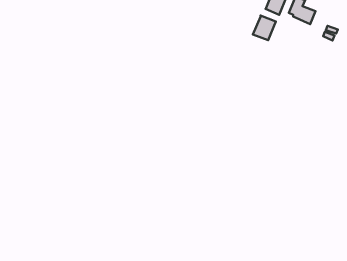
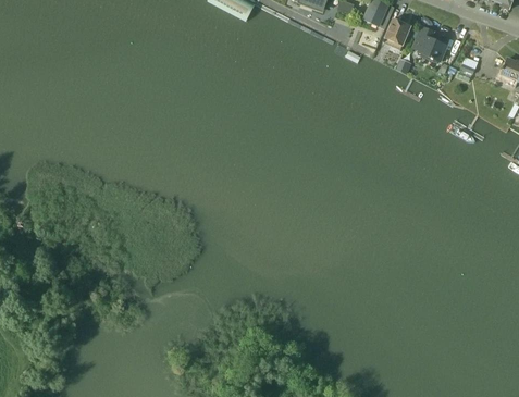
building: [253,16,276,40] -> none

